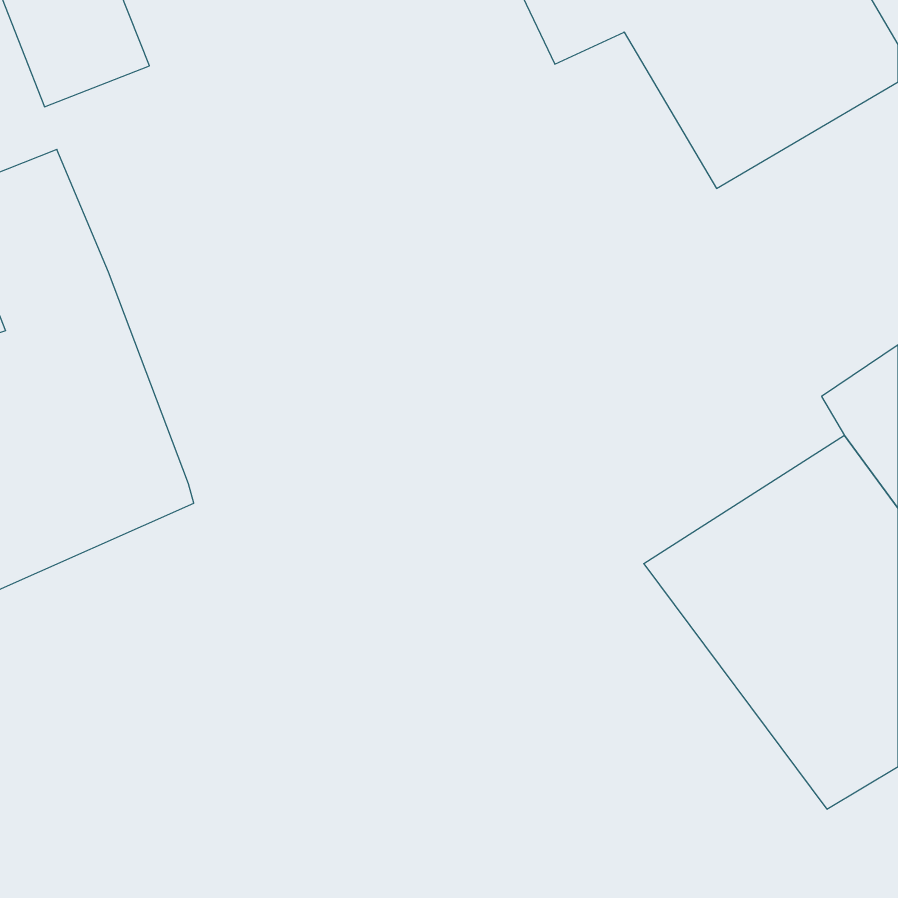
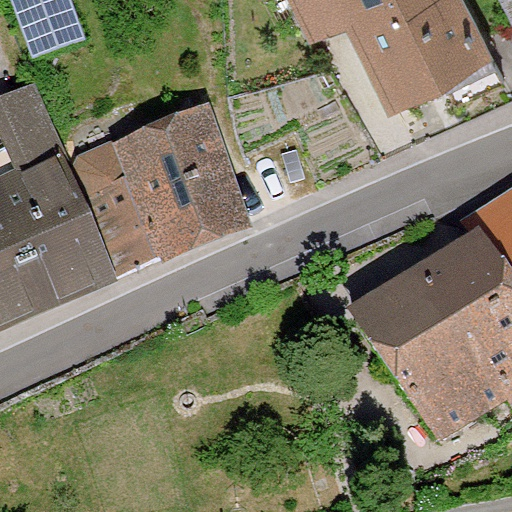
building: none -> [61,105,238,272]

